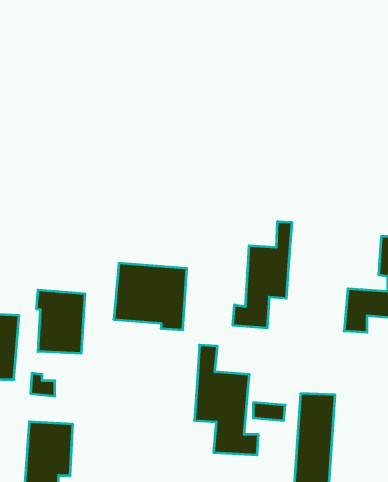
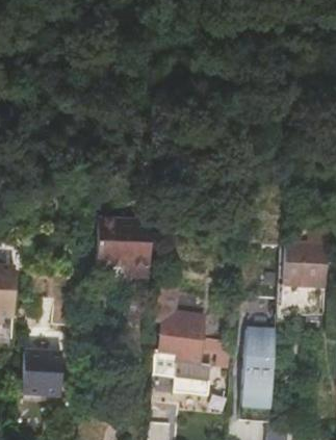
building: [233,221,292,328] -> none
building: [37,290,85,353] -> none

